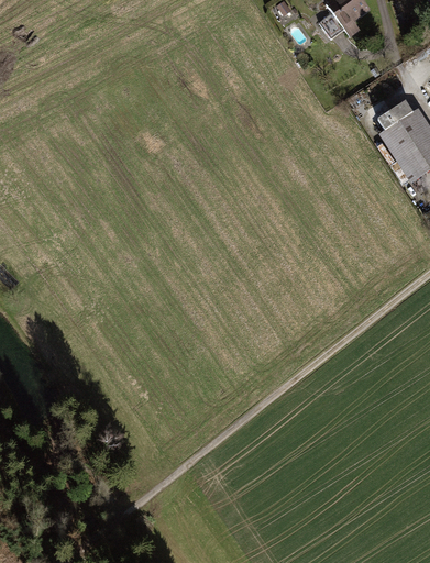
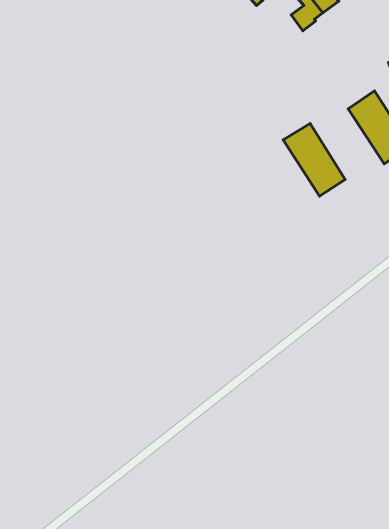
building: none -> [283,124,345,196]

